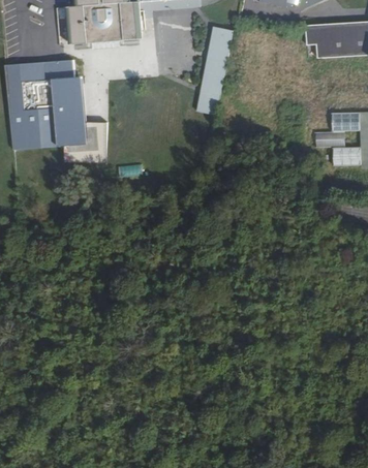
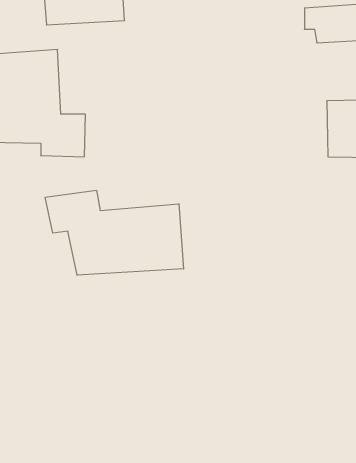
building: [195,25,233,113] -> none
building: none -> [45,190,184,275]

